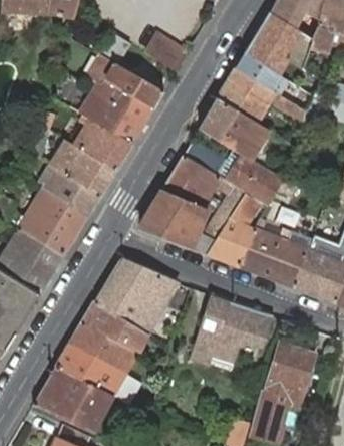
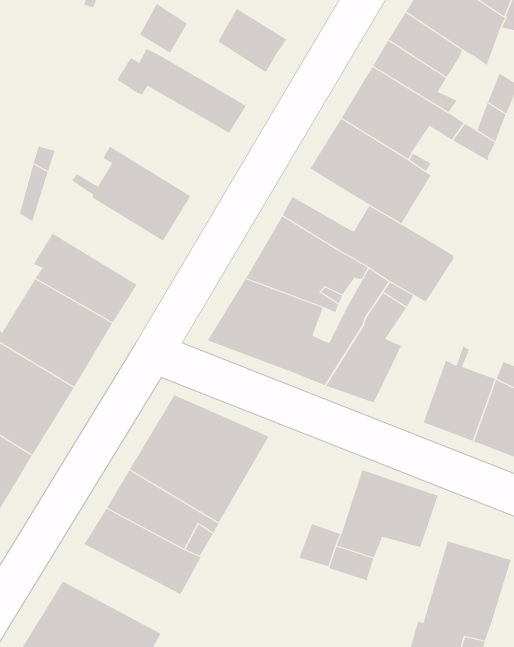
building: [82,80,153,144] -> none
building: [51,141,115,195] -> none
building: [237,217,278,274] -> none
building: [199,294,230,339] -> none
building: [57,345,125,396] -> none

